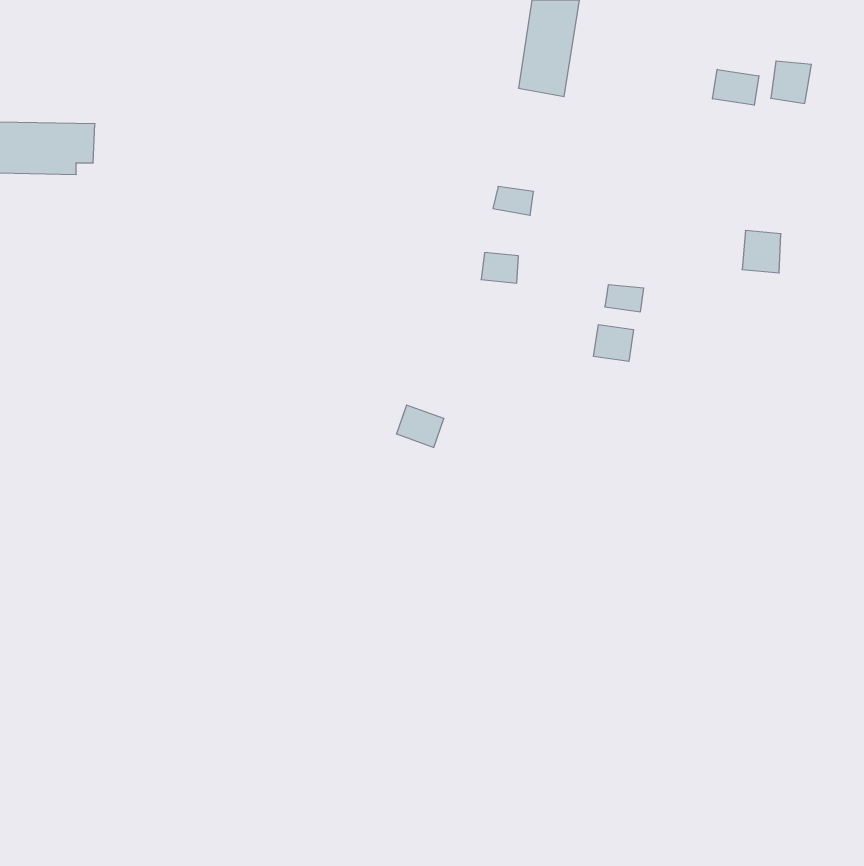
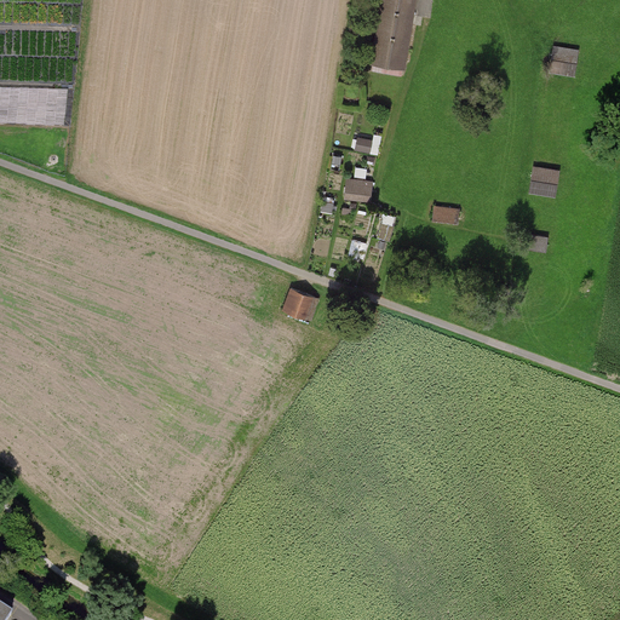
building: [713,69,759,105] -> none
building: [594,325,634,361] -> none

